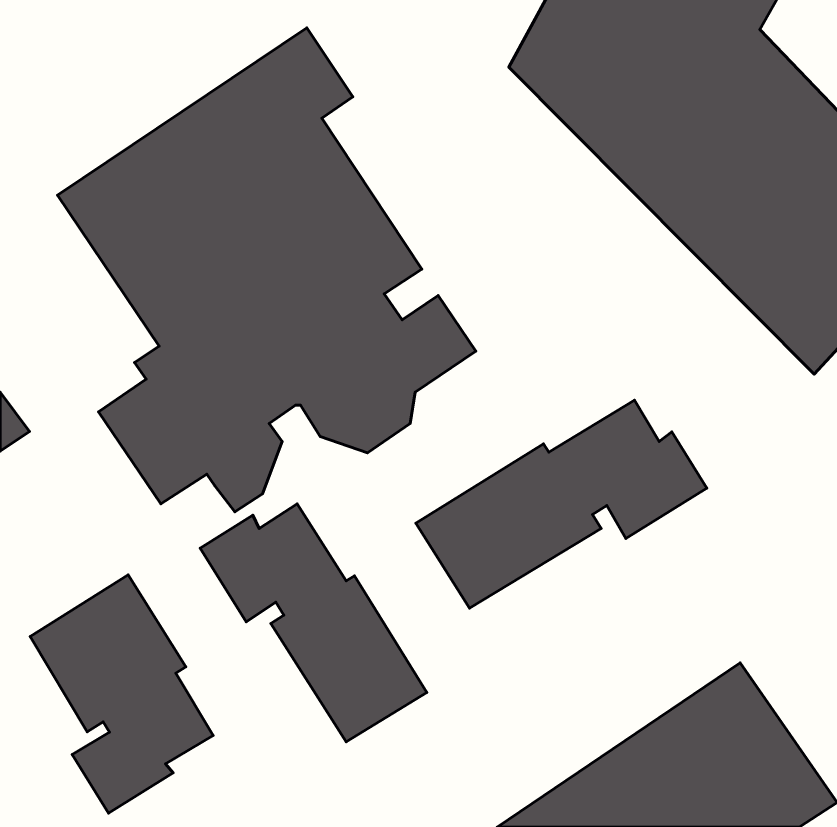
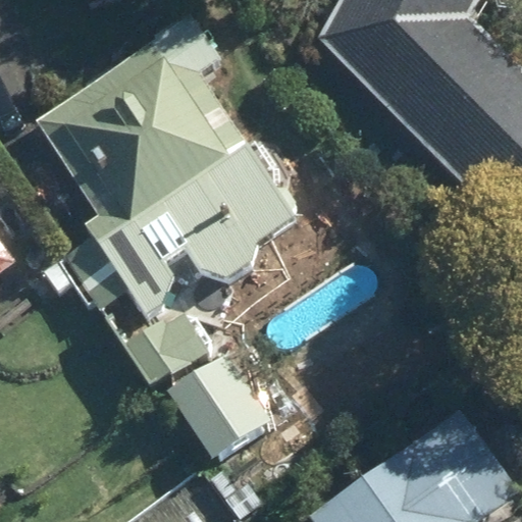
building: [416,400,707,608] -> none
building: [30,575,213,813] -> none

